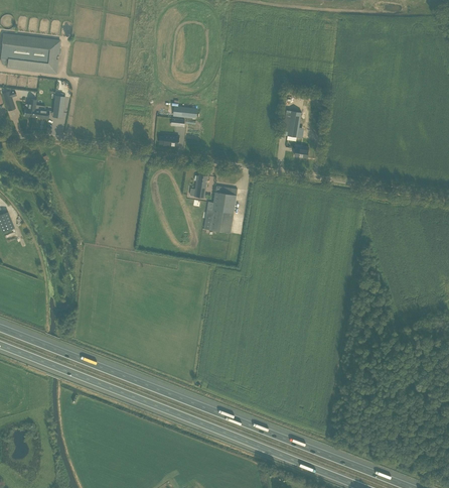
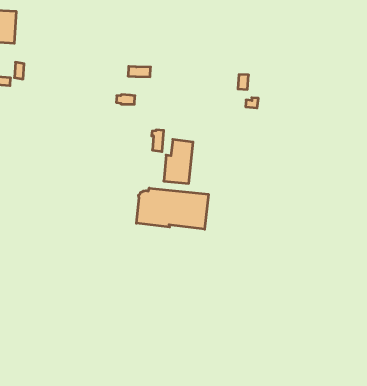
building: none -> [136,188,208,229]

